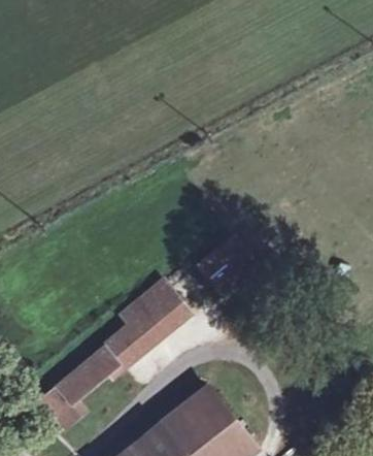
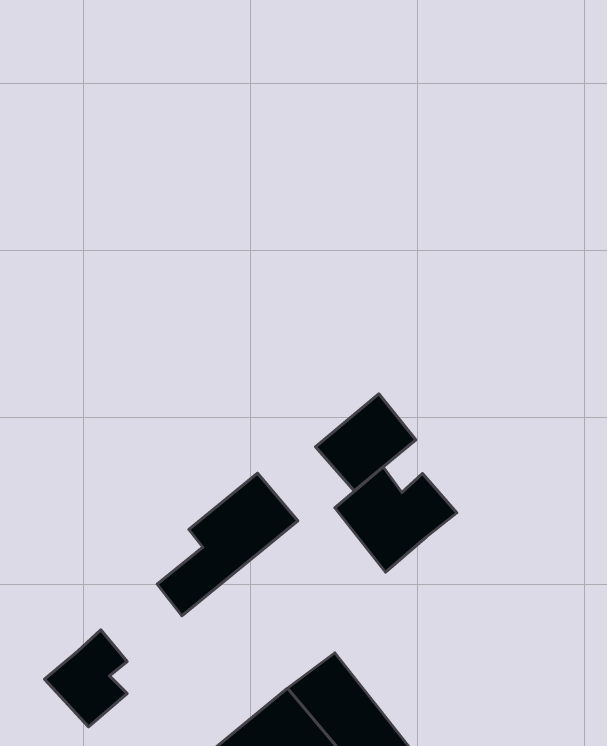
building: none -> [335,467,457,572]
building: [71,347,118,392] -> none

